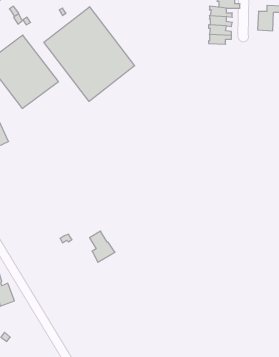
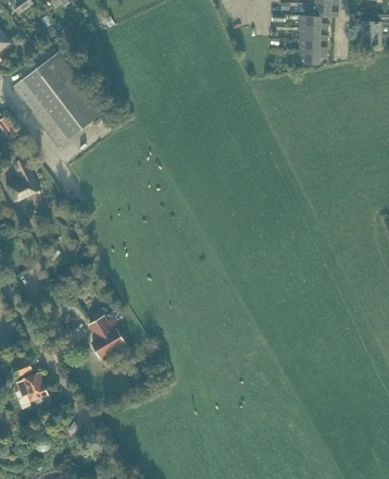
building: [44,7,135,101] -> none
building: [90,231,115,262] -> [89,316,122,356]

